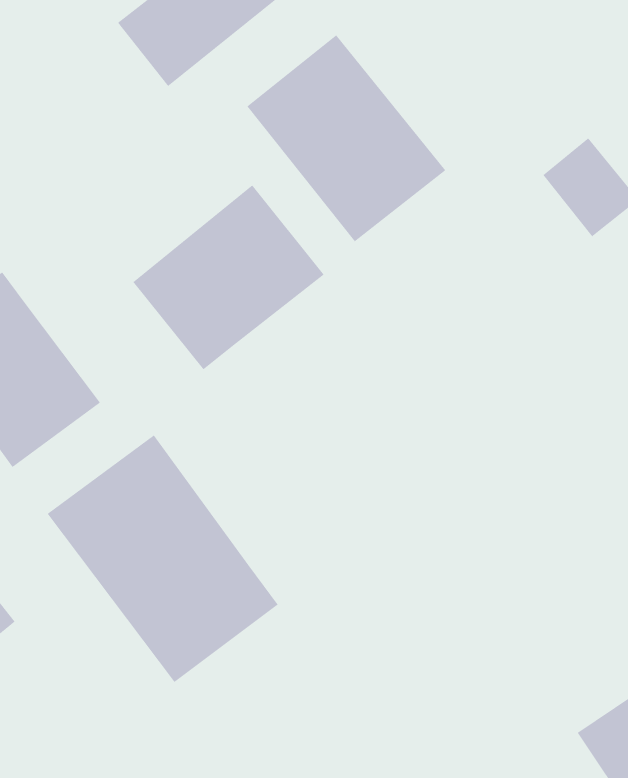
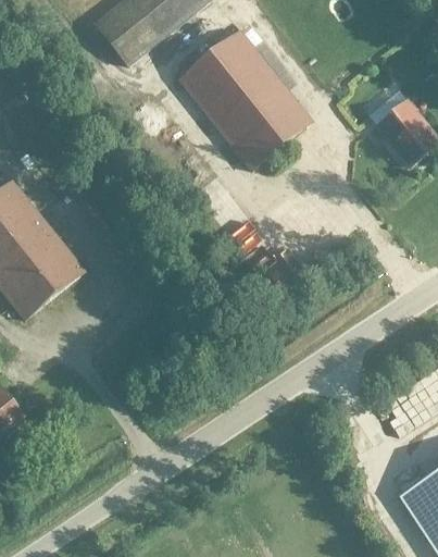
building: [133,184,325,370] -> none
building: [47,434,279,683] -> none

